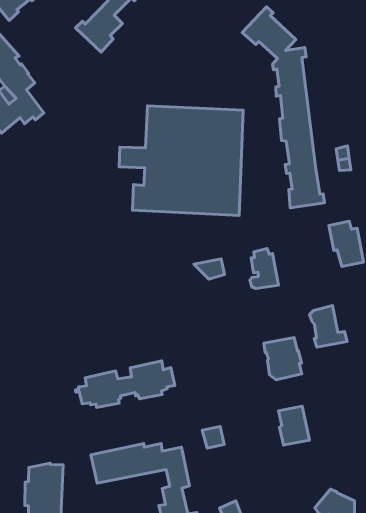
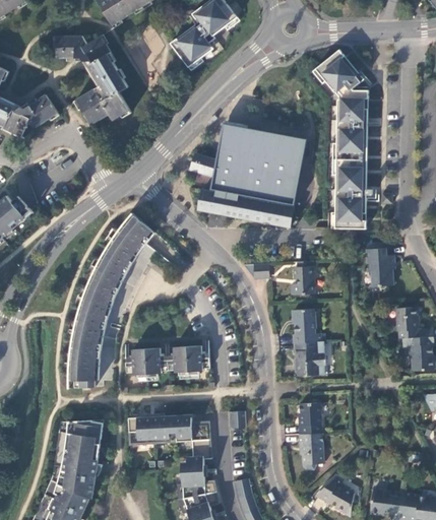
building: none -> [69,212,157,387]
building: [310,305,347,347] -> [292,308,321,342]
building: none -> [299,433,324,469]

